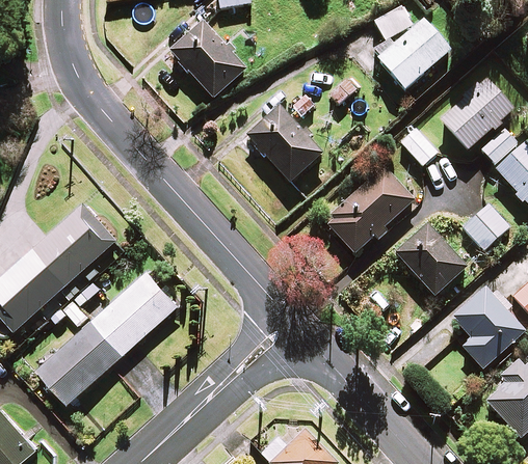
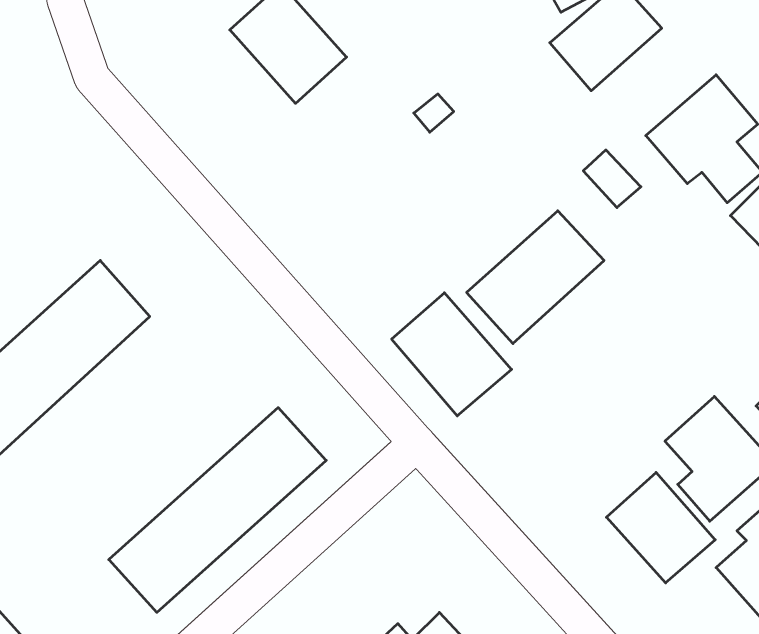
building: [246,104,324,184] -> [392,293,512,416]
building: [463,203,509,250] -> none
building: [396,224,467,296] -> [606,472,715,583]
building: [39,268,181,401] -> [109,408,326,612]

